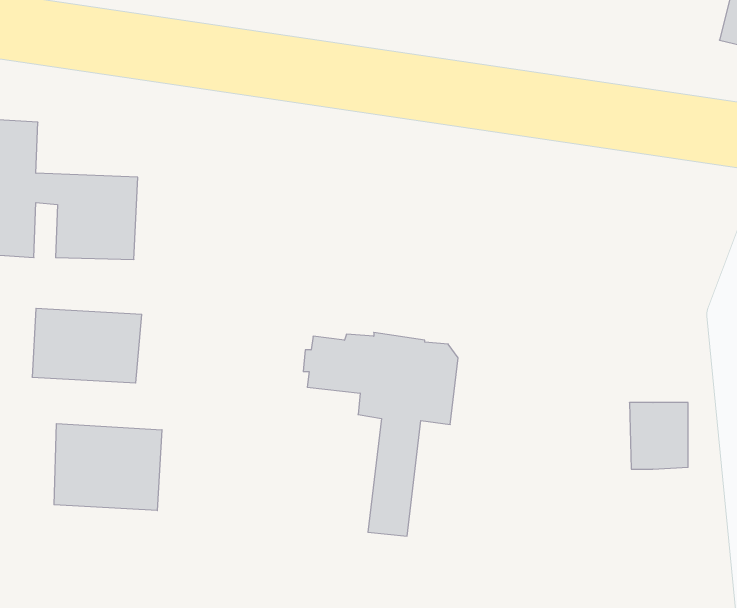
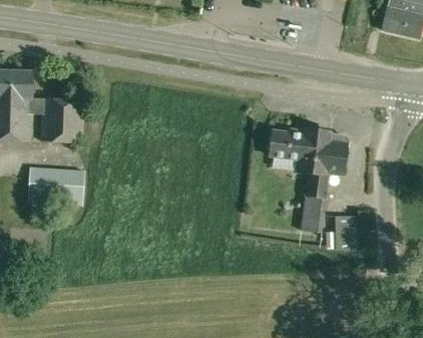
building: [303,332,458,536] -> [268,127,347,232]
building: [54,424,162,511] -> none

